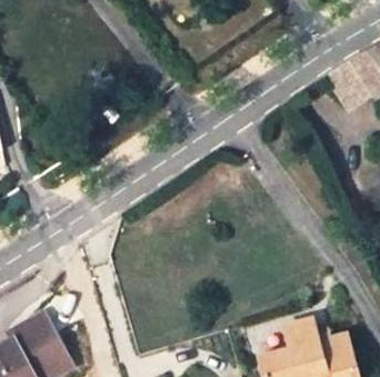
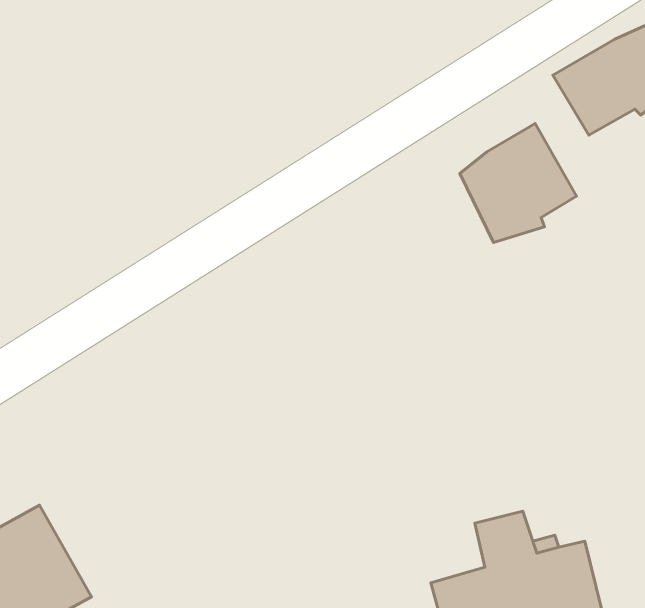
building: none -> [460,123,577,242]

